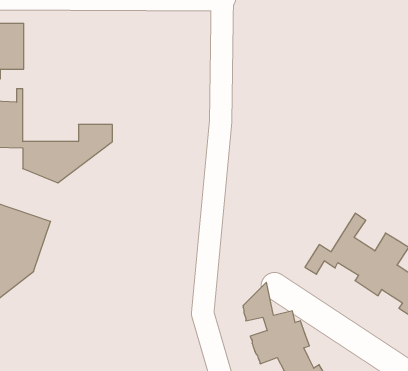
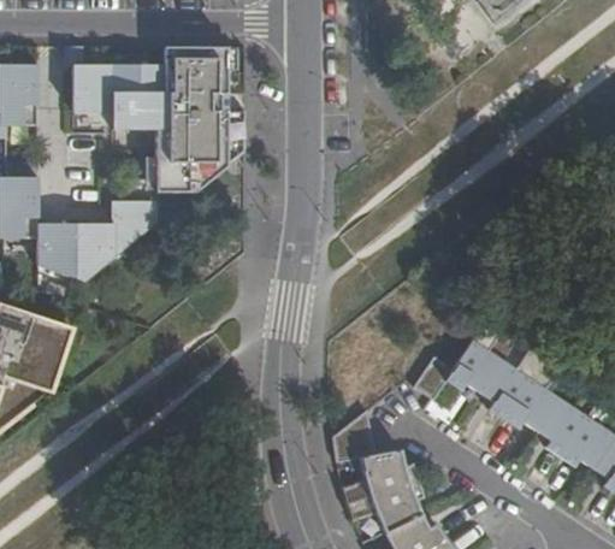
building: none -> [63,45,244,190]

